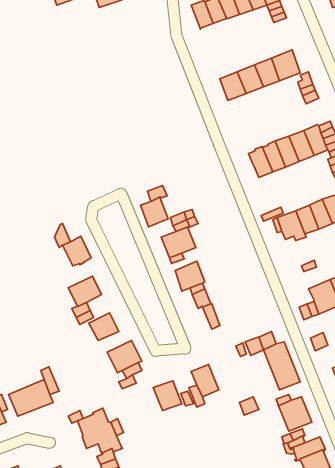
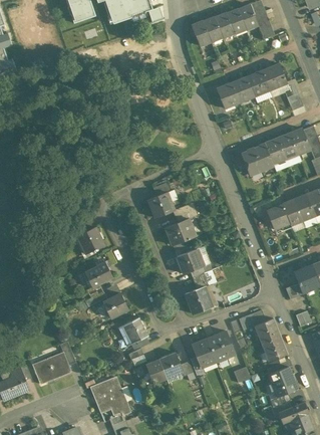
building: none -> [186,287,210,313]
building: none -> [207,332,235,361]
building: none -> [140,359,167,385]

